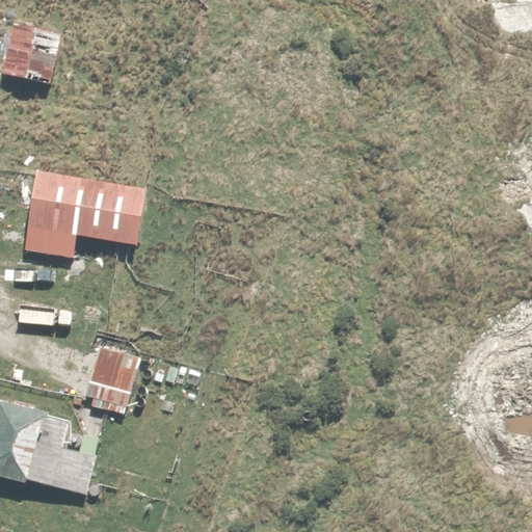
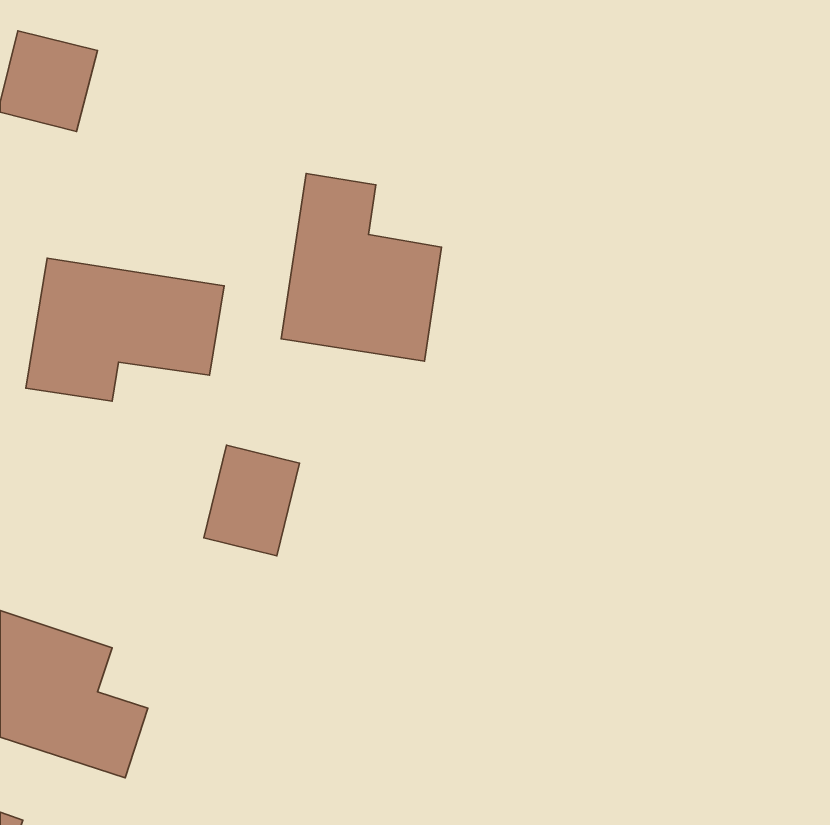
building: none -> [281,173,442,361]
building: [78,347,139,418] -> [204,445,300,556]

